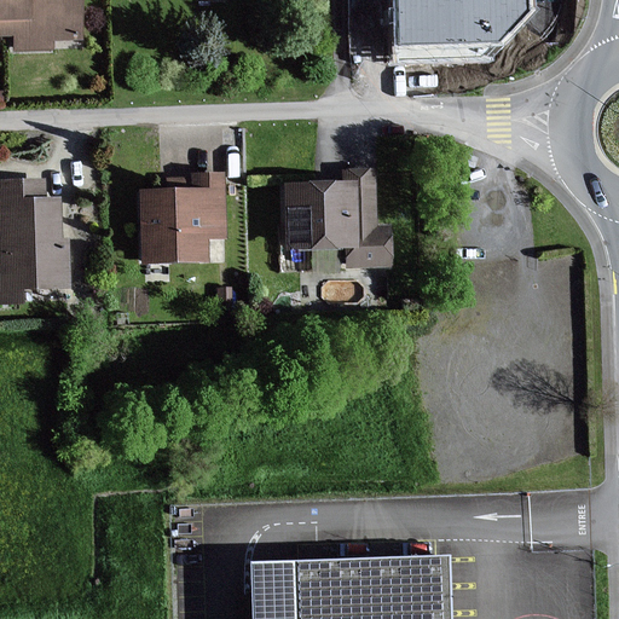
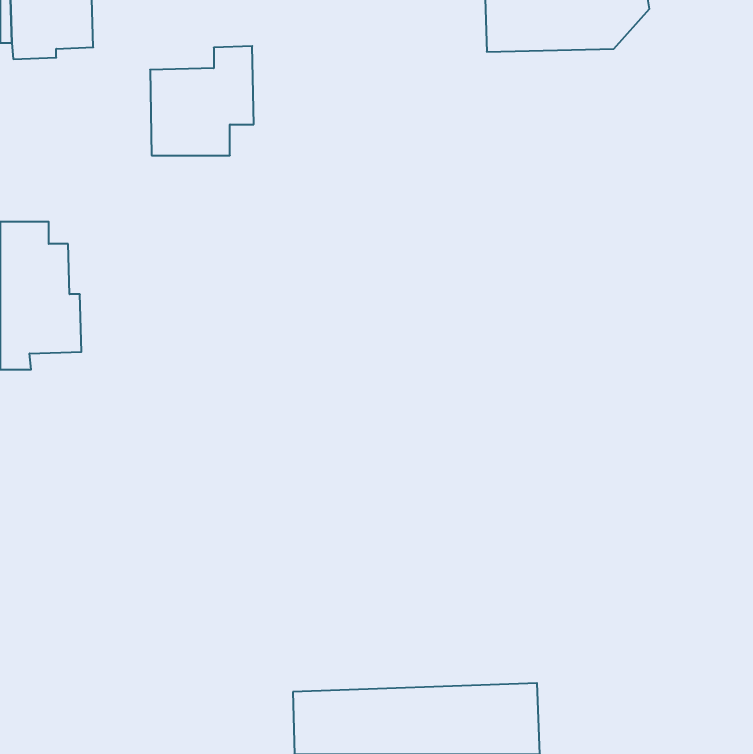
building: [284,172,389,264] -> none
building: [139,174,224,264] -> [150,46,254,155]

